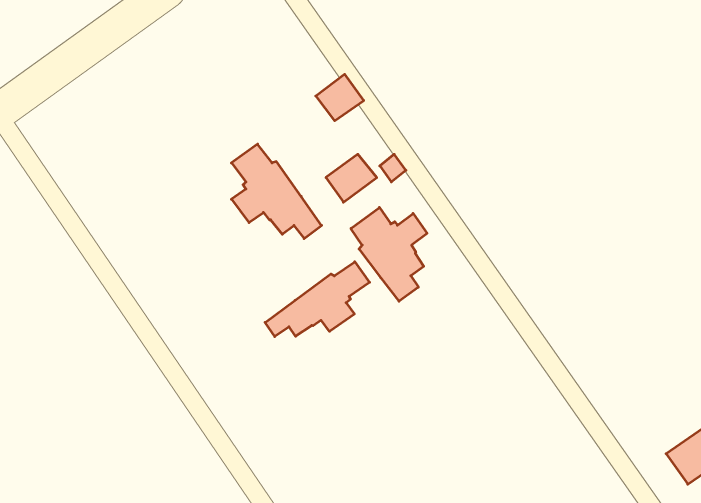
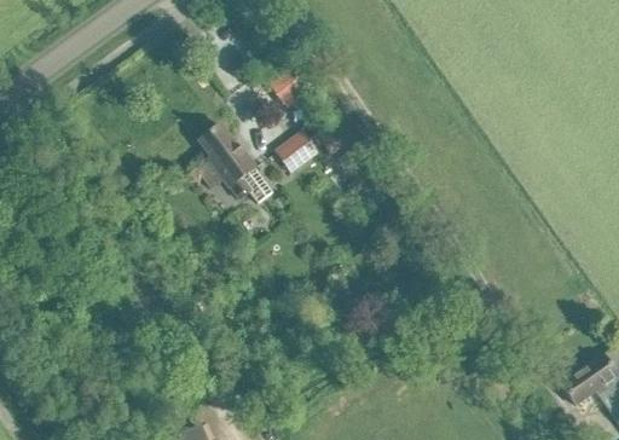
building: [351,207,427,301] -> none
building: [265,262,370,337] -> none

